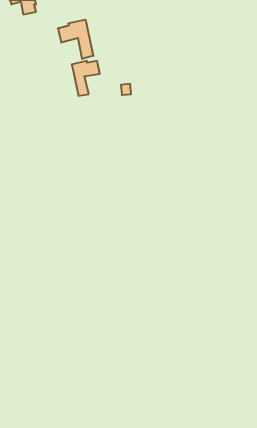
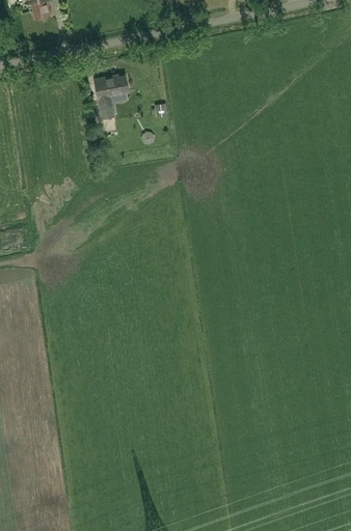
building: [58,20,93,59] -> none

